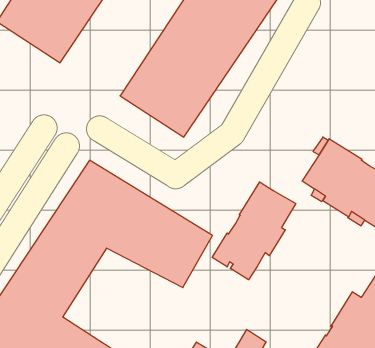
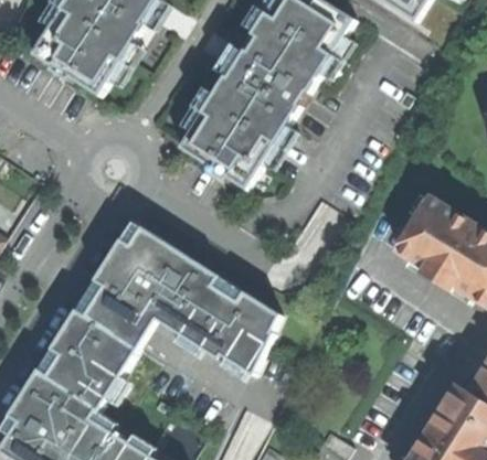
building: [212,182,296,280] -> none

